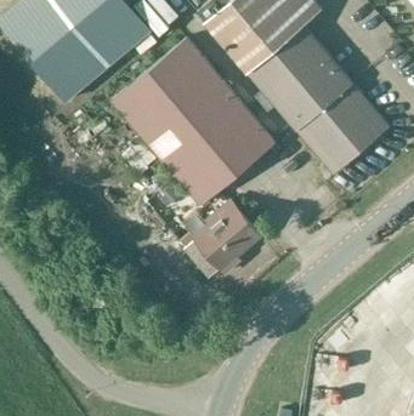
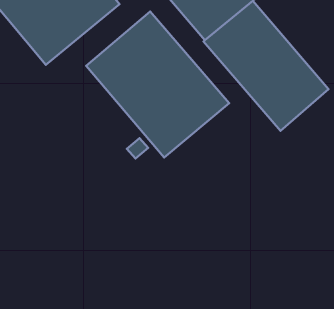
building: [185,200,262,277] -> none

